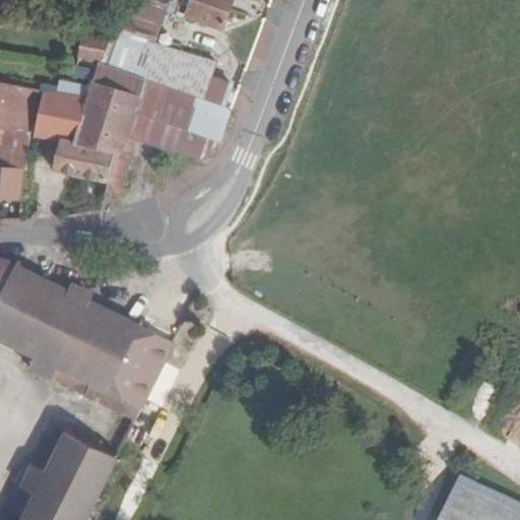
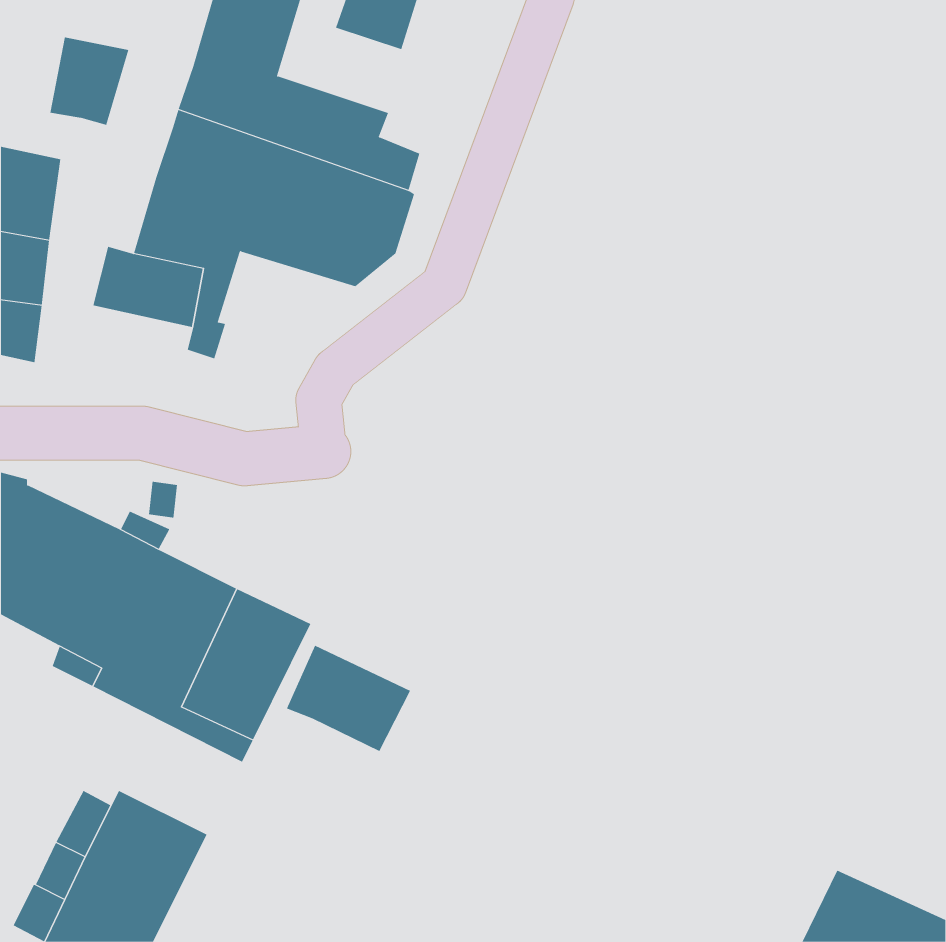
building: [42,90,85,139] -> [50,37,129,126]
building: none -> [286,645,411,752]

